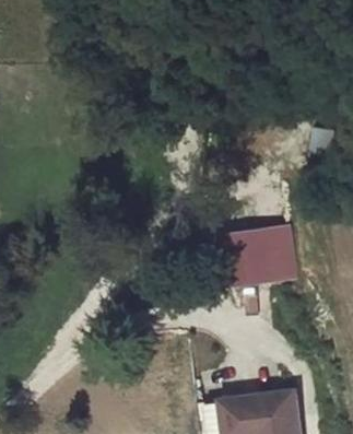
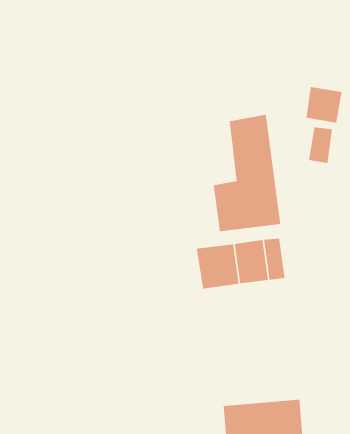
building: none -> [305,86,342,123]
building: none -> [213,114,281,232]

